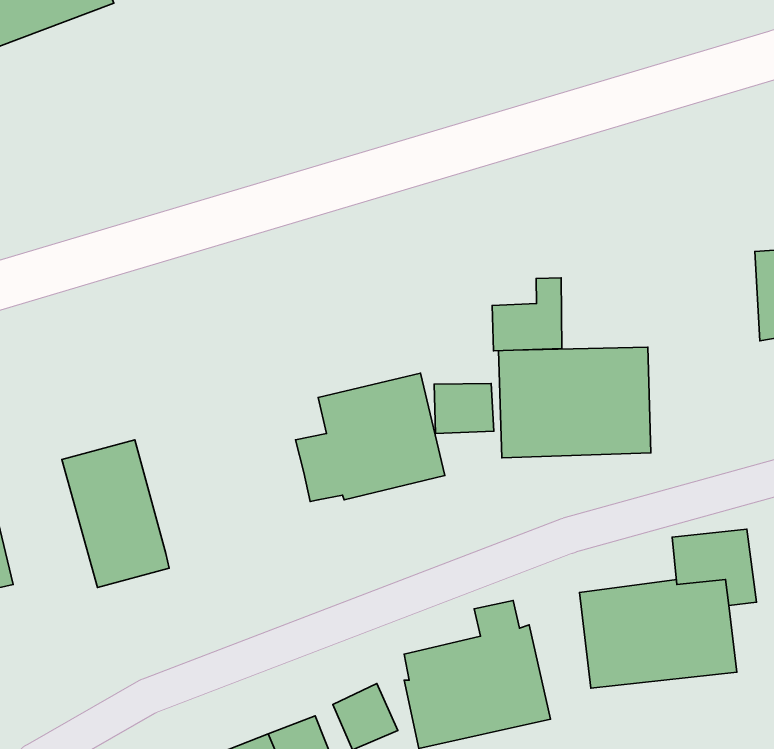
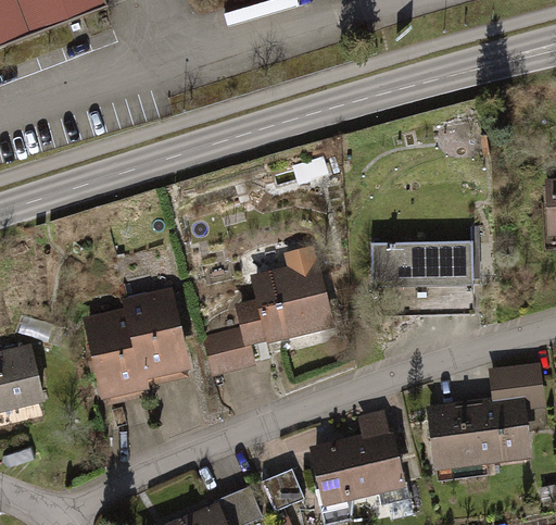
building: [492,278,562,351] -> none
building: [434,384,494,434] -> none
building: none -> [125,285,192,379]
building: none -> [200,325,255,376]

